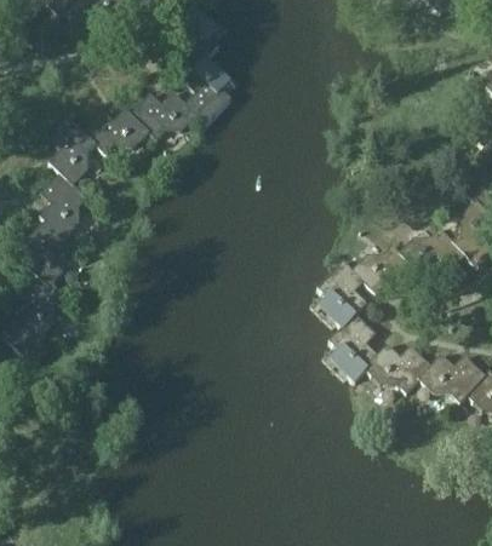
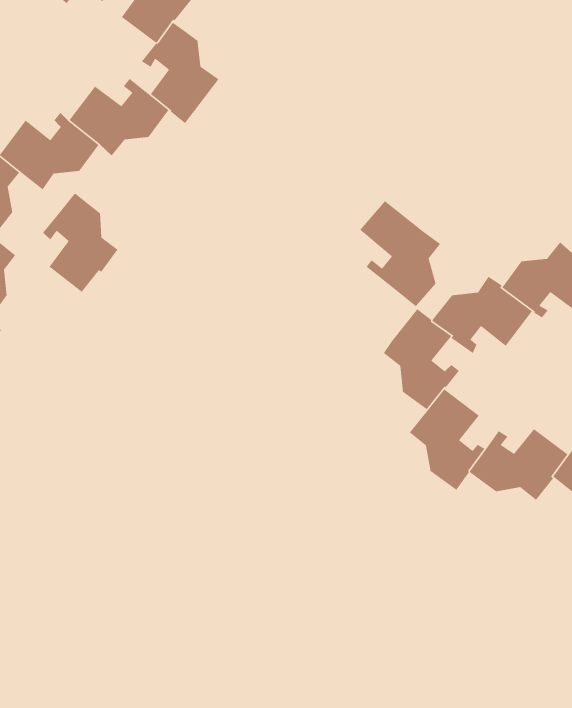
building: none -> [42,193,119,293]
building: none -> [359,200,441,308]

